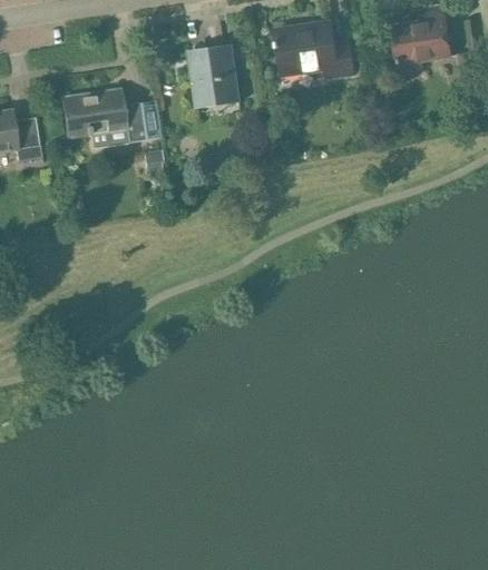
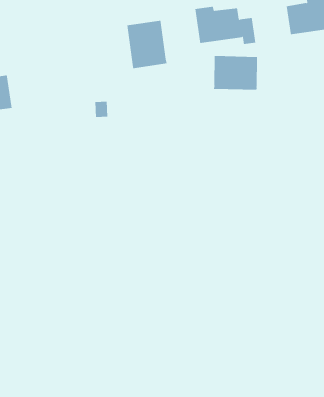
building: [61,89,146,144] -> none
building: none -> [214,55,257,91]

